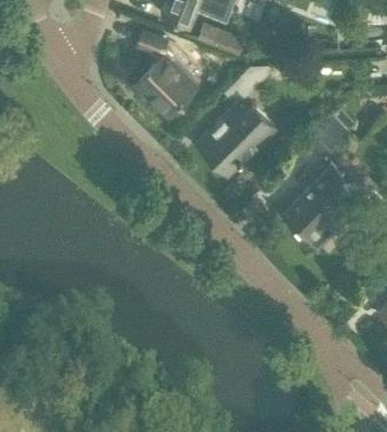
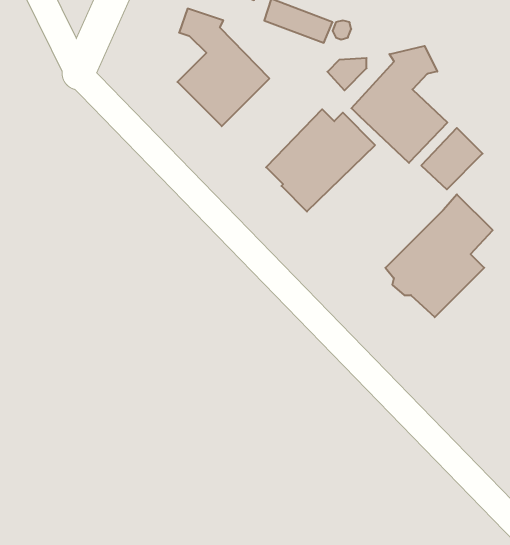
building: none -> [351,46,447,163]

